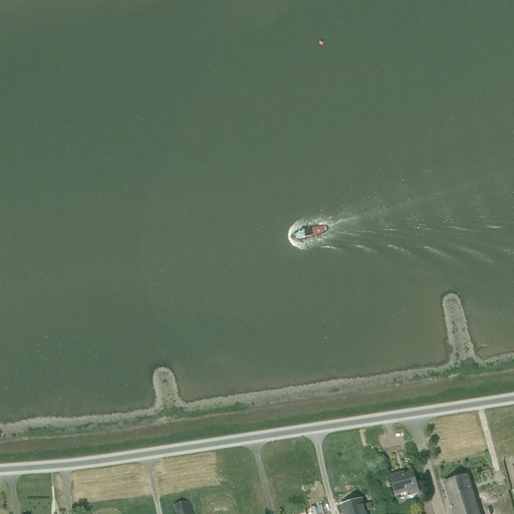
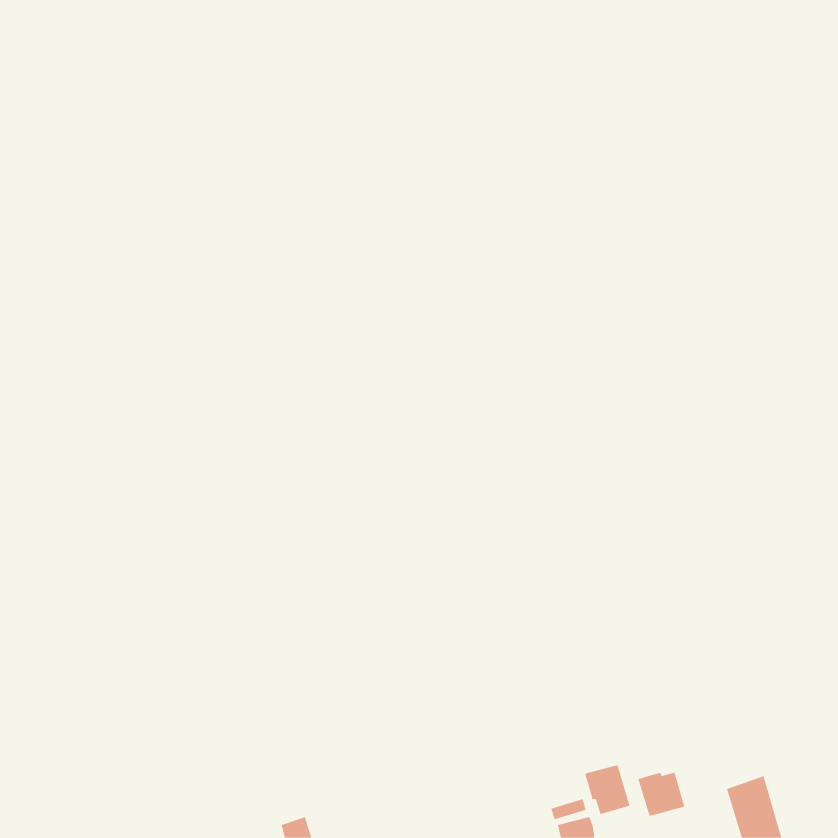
building: none -> [585,765,630,815]

